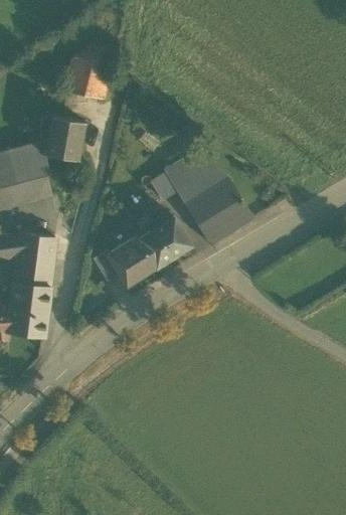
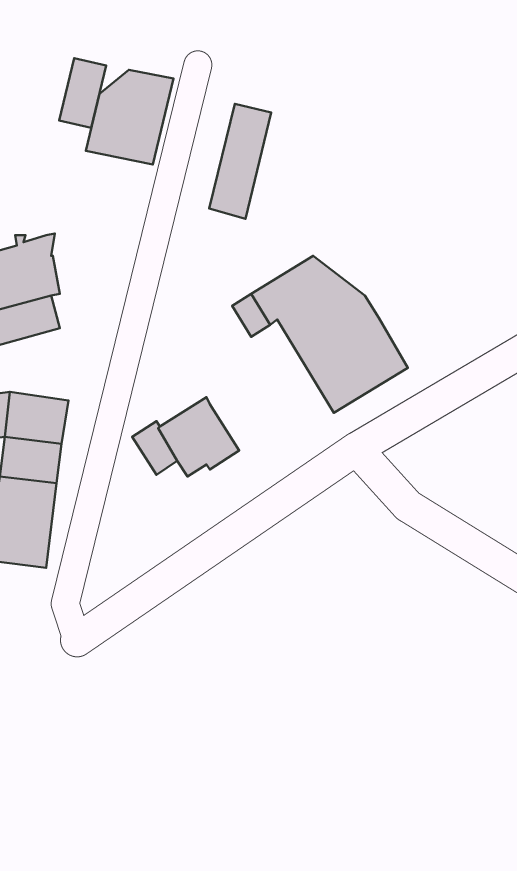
building: none -> [59,58,106,128]
building: none -> [209,104,271,219]
building: [45,117,84,160] -> none
building: [138,217,191,268] -> none

